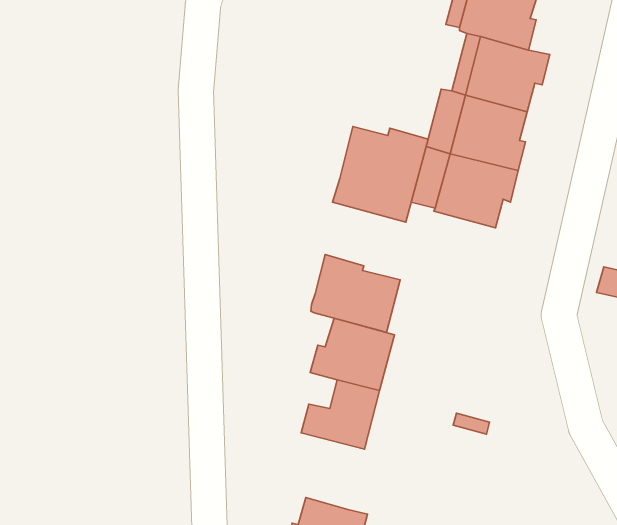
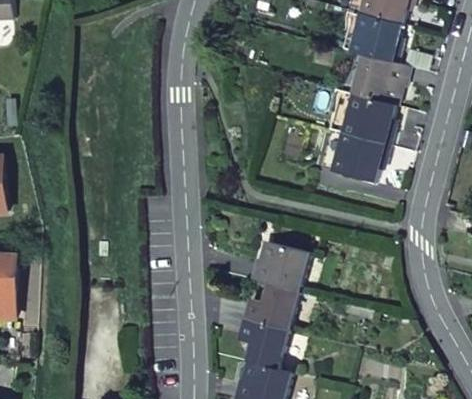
building: [333,126,428,222] -> none
building: [311,255,400,333] -> none
building: none -> [240,318,288,369]

